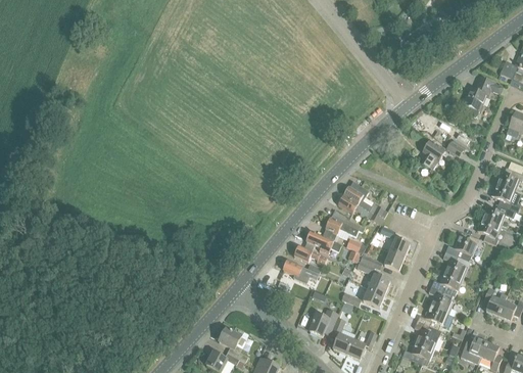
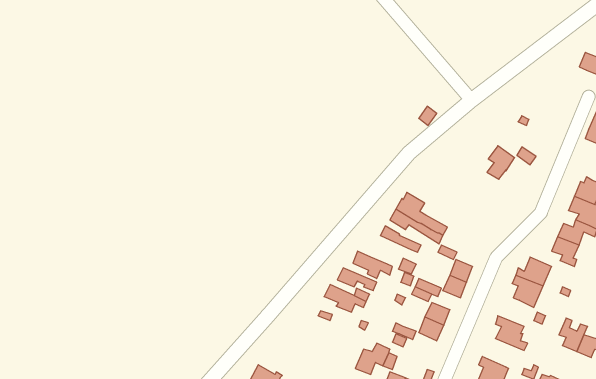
building: [463,77,493,114] -> none
building: [322,217,356,241] -> none
building: [430,270,461,295] -> none
building: [417,305,453,329] -> none

